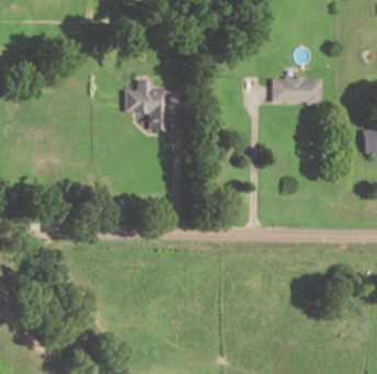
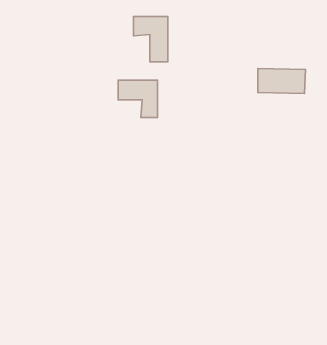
building: none -> [134,17,168,62]

